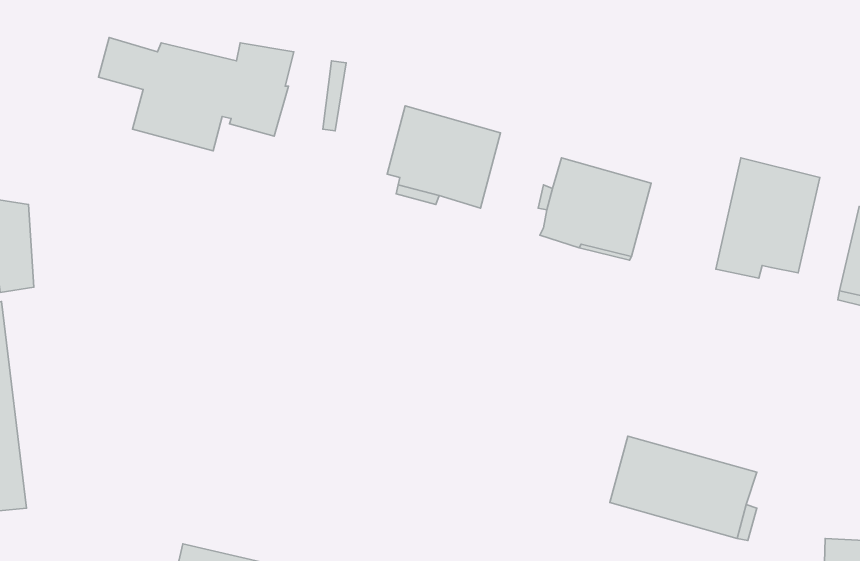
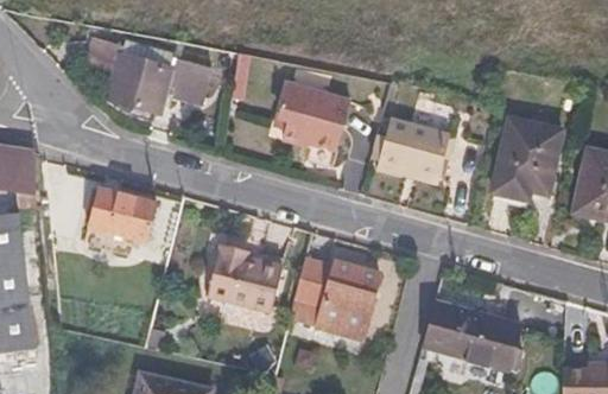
building: none -> [87,189,156,241]
building: none -> [207,243,281,312]
building: none -> [290,259,379,339]

